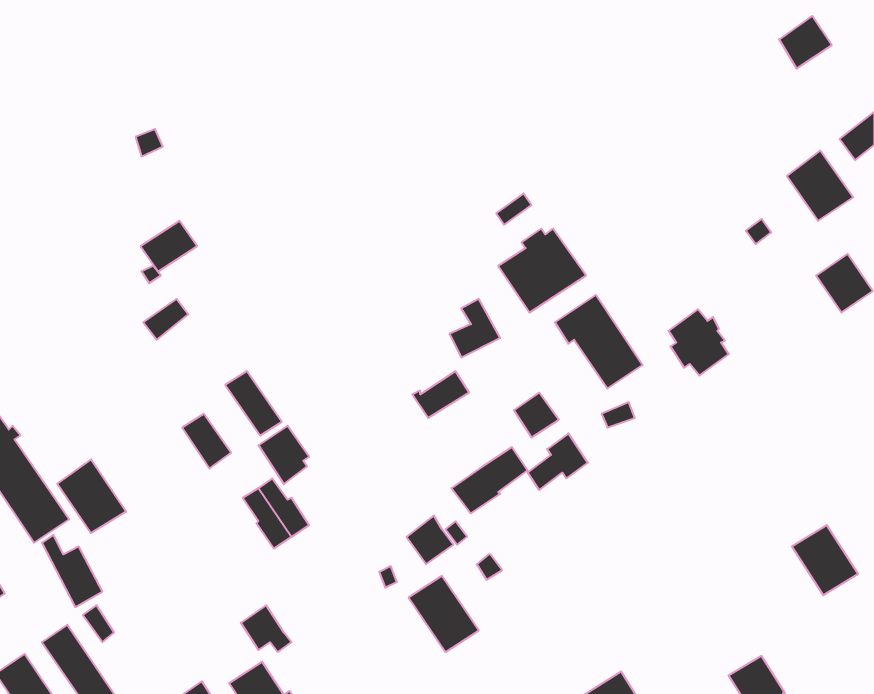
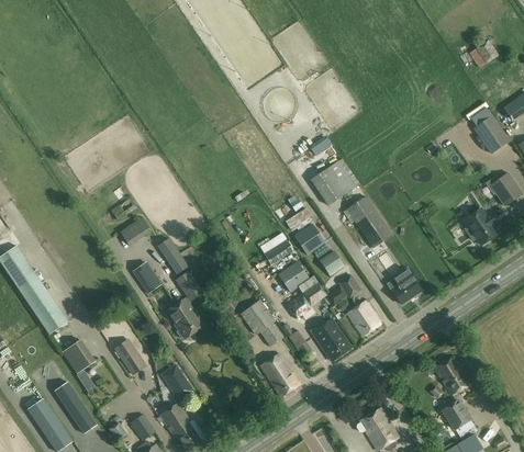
building: [141,221,197,271] -> [120,217,152,246]
building: [668,309,729,376] -> [464,207,498,245]
building: none -> [296,223,327,253]
building: none -> [277,260,310,292]
building: none -> [391,268,421,304]
building: [57,459,126,533] -> none
building: none -> [239,300,275,335]
building: none -> [346,301,381,336]
building: none -> [312,319,350,360]
building: [792,525,858,595] -> [434,355,471,395]
building: none -> [114,338,148,375]

